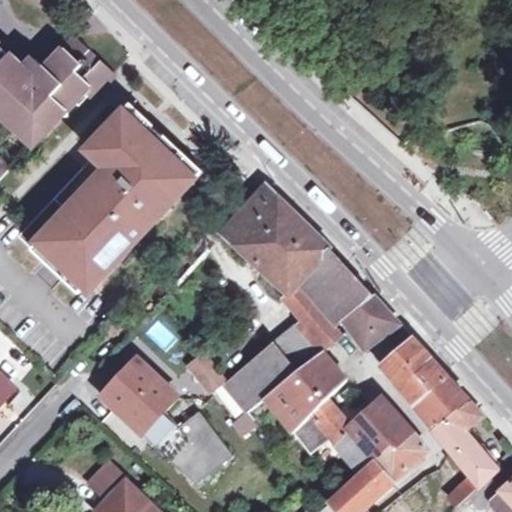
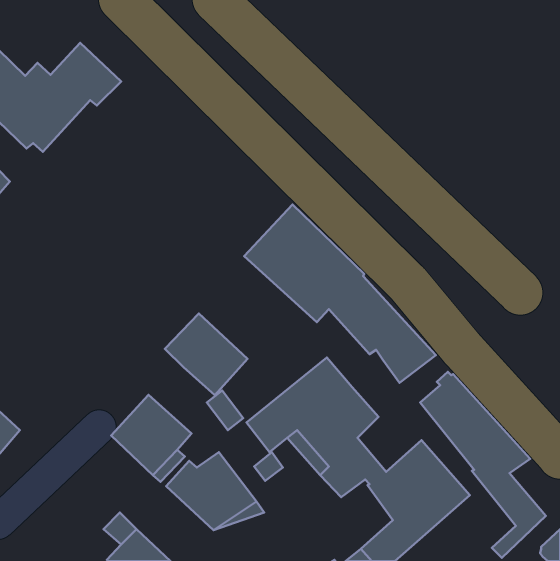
building: [16,103,201,291] -> none
building: [281,281,348,352] -> none
building: none -> [165,313,247,395]

